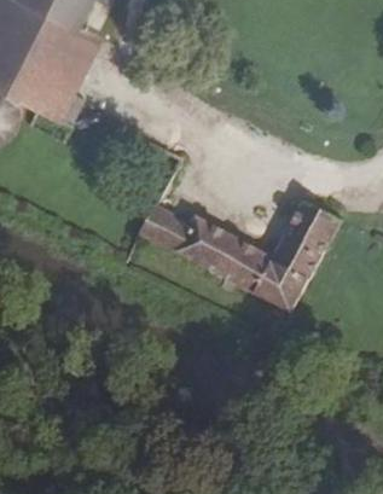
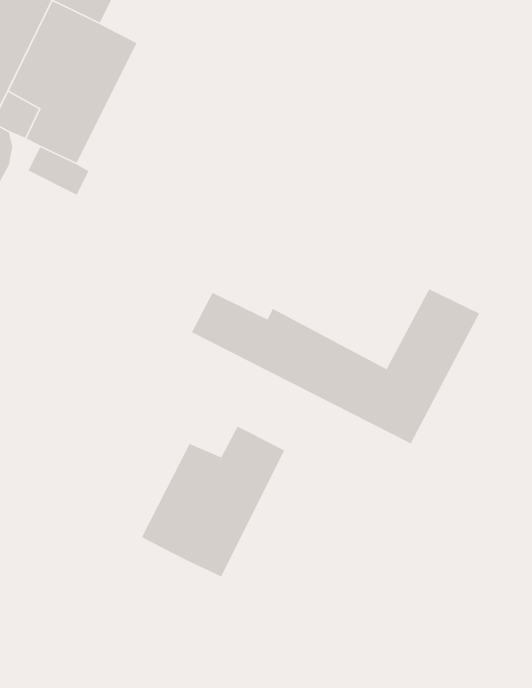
building: none -> [141,425,285,578]

